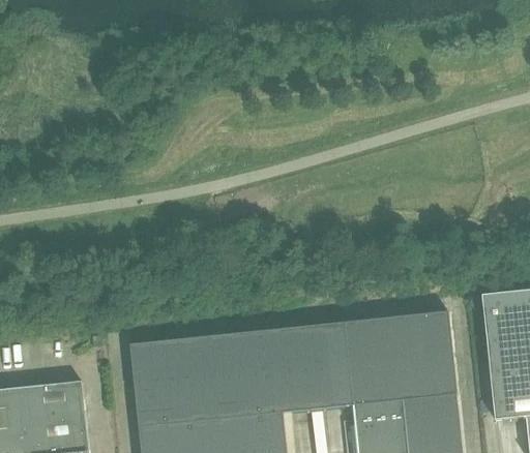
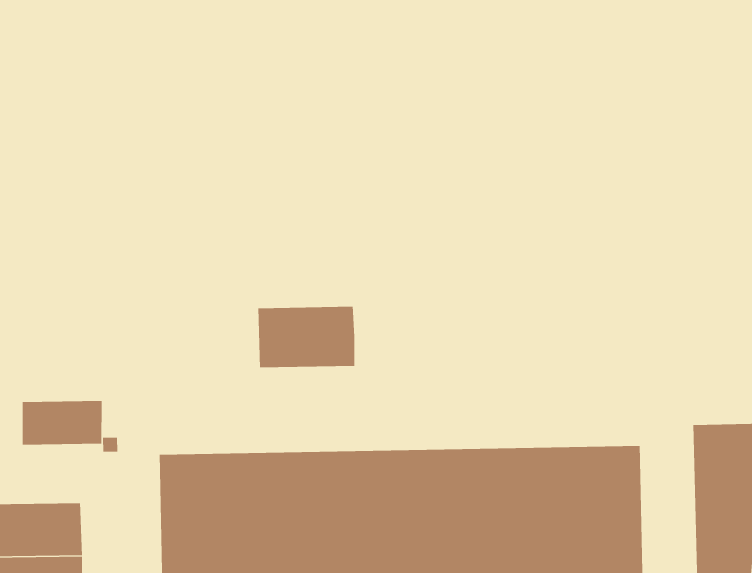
building: none -> [257,306,355,368]
building: none -> [22,400,102,446]

